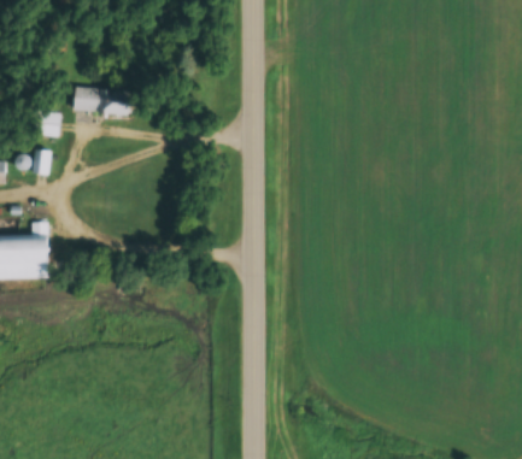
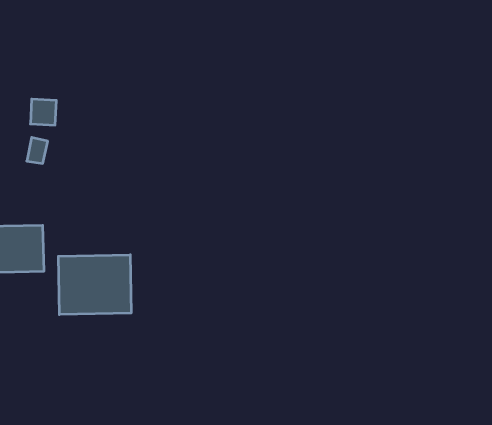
building: [74,88,128,114] -> none
building: none -> [58,255,131,315]

